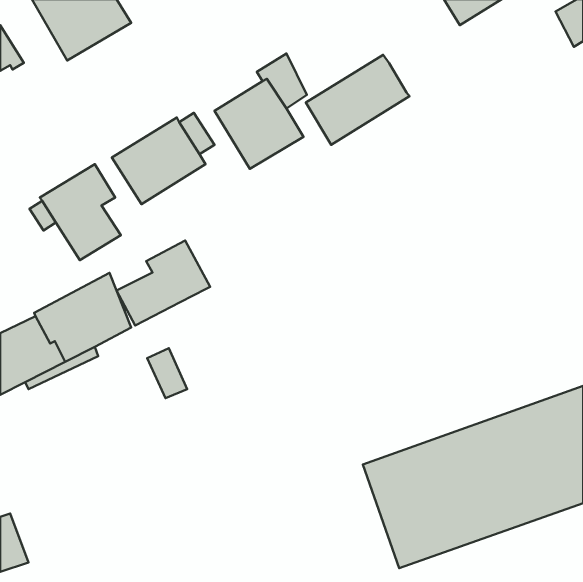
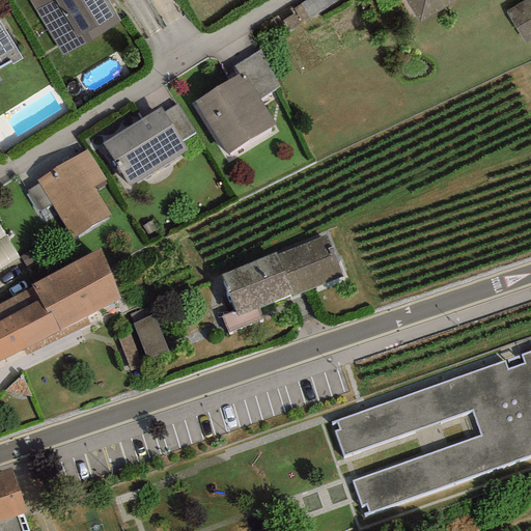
building: [306,55,410,145] -> none
building: [117,241,210,325] -> none
building: none -> [220,233,343,332]

